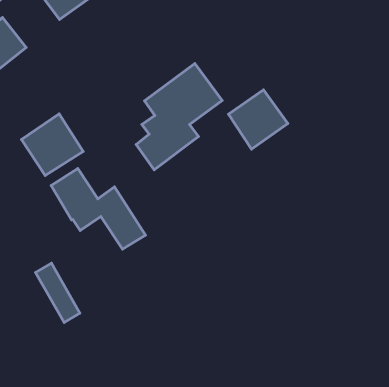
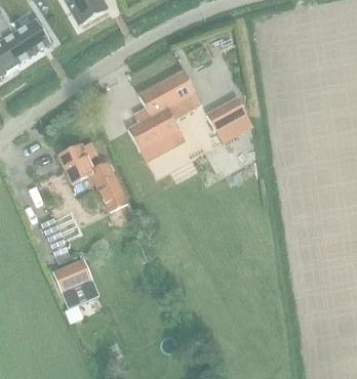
building: [22,114,83,176] -> none
building: none -> [52,258,98,308]

